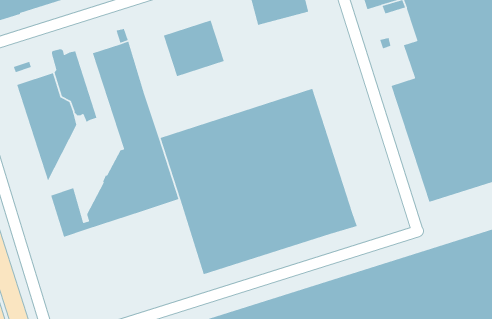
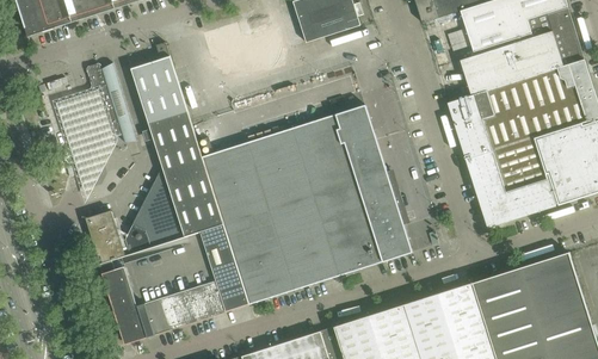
building: [163,19,225,77] -> none
building: none -> [100,224,248,343]

